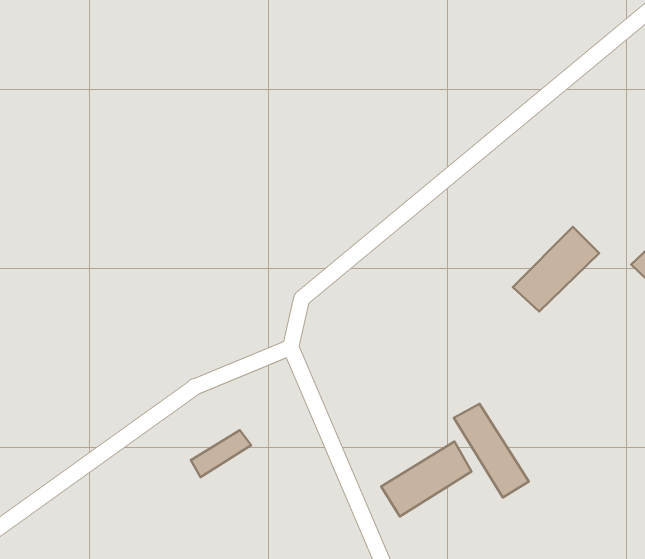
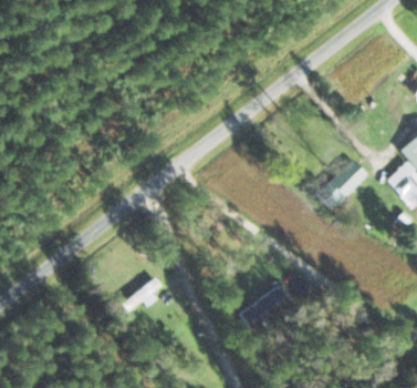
building: [454,404,529,497] -> none

